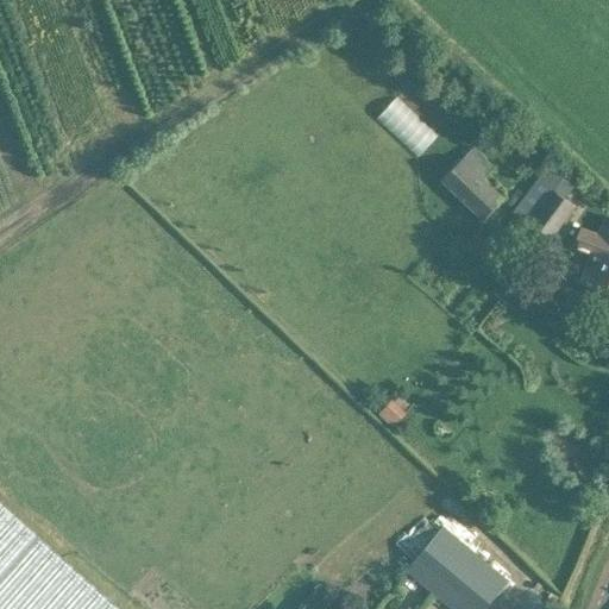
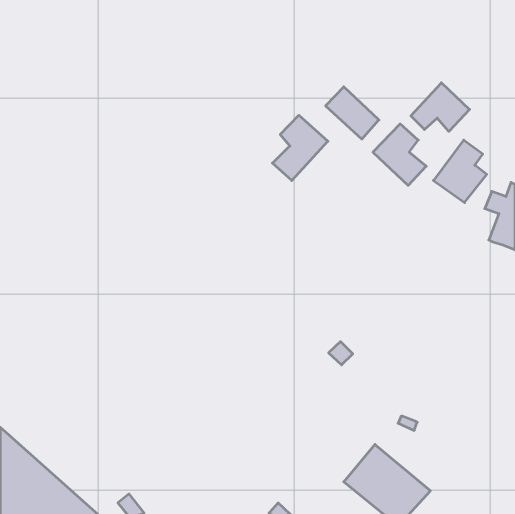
building: none -> [411,83,470,131]
building: none -> [272,115,328,181]

